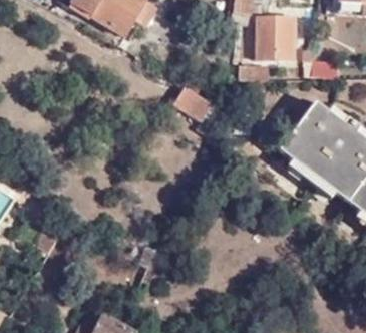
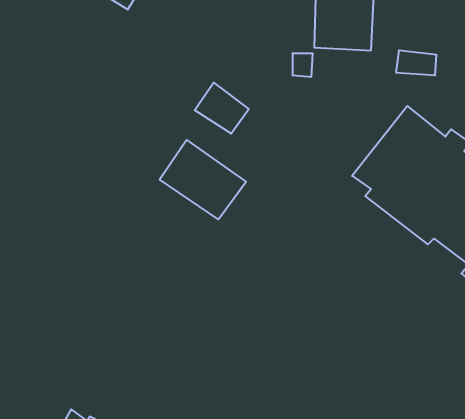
building: none -> [160,140,246,219]

